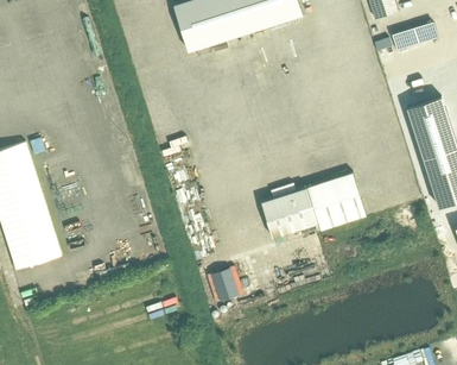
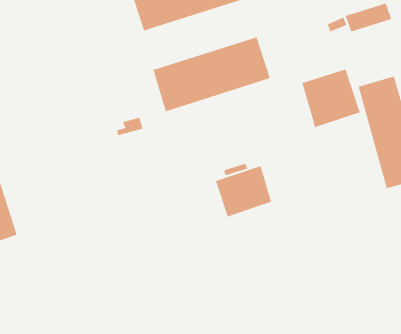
building: none -> [153,37,270,112]
building: [307,172,367,232] -> [302,69,360,128]
building: [207,266,243,303] -> none

